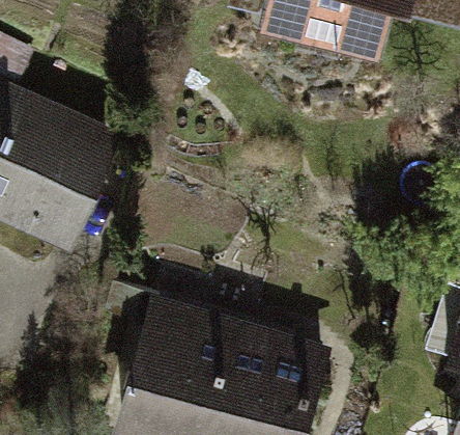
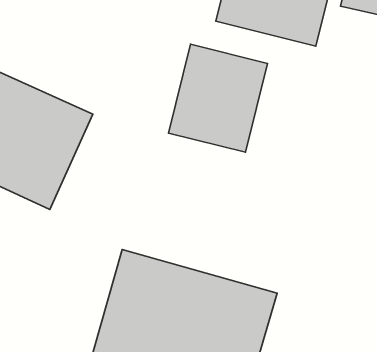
building: none -> [168,44,268,152]

